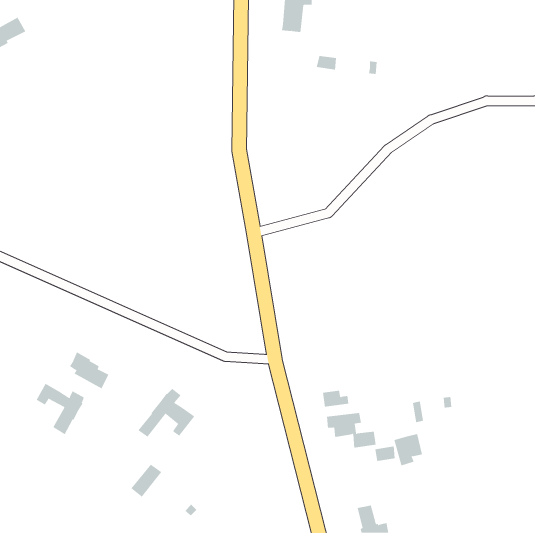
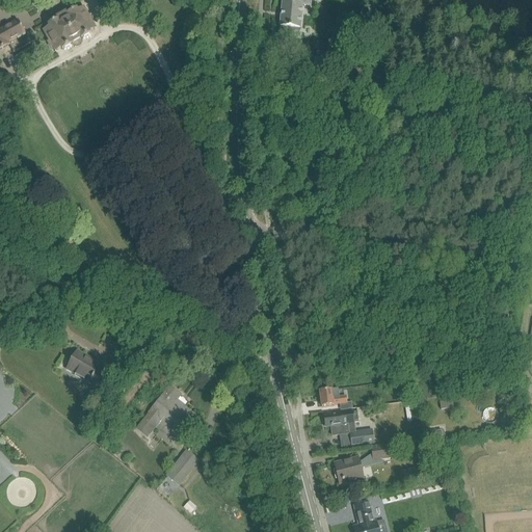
building: none -> [43,4,90,48]
building: [36,383,84,435] -> none
building: [394,434,423,466] -> [334,455,363,487]
building: [131,464,162,497] -> [166,449,197,482]

